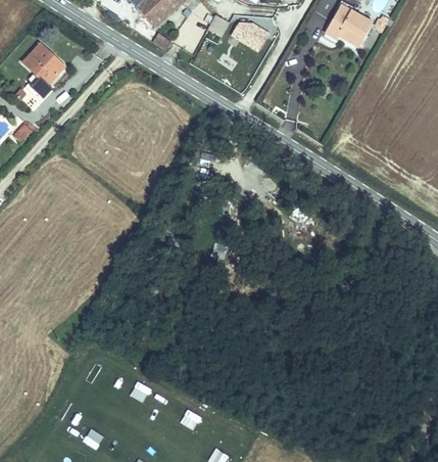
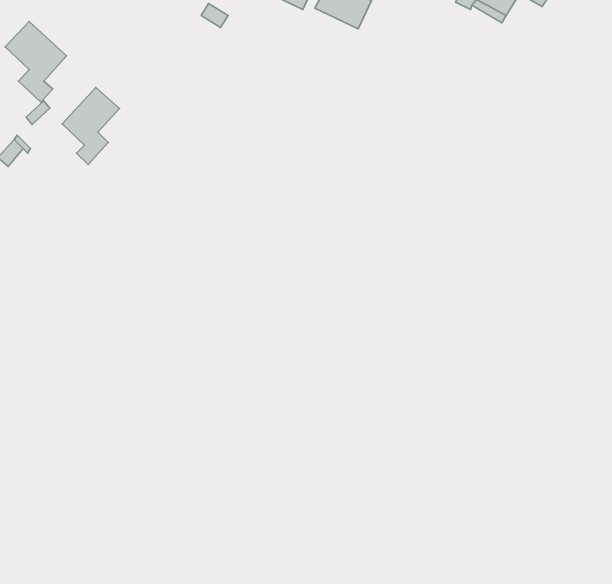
building: none -> [62,87,119,164]

